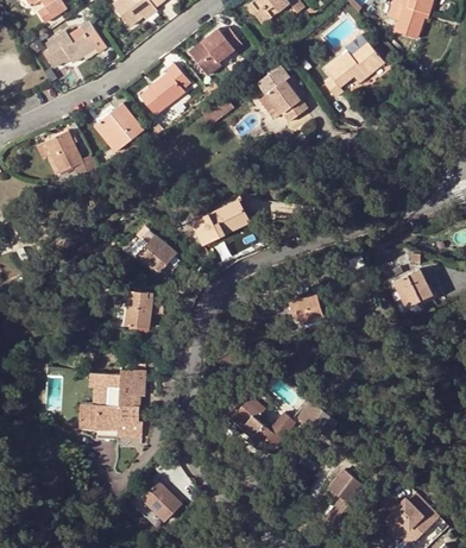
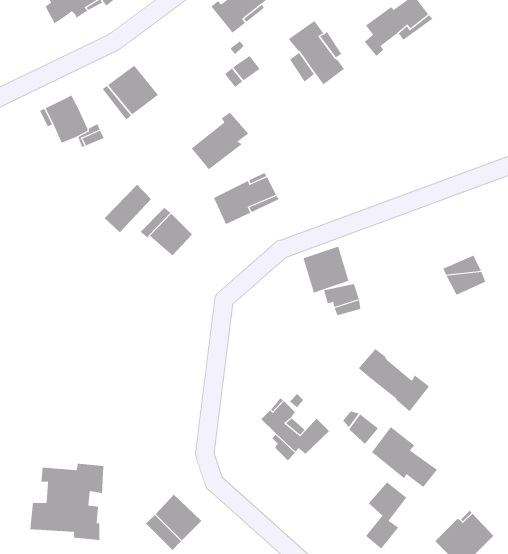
building: [139,63,190,114] -> [191,112,249,170]
building: none -> [104,184,152,233]
building: none -> [303,246,349,293]
building: [124,289,163,326] -> none
building: none -> [358,348,430,412]
building: [78,369,144,436] -> [30,463,104,540]
building: none -> [371,426,438,488]

